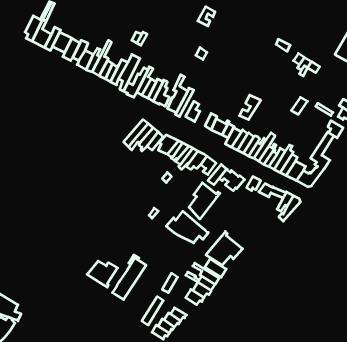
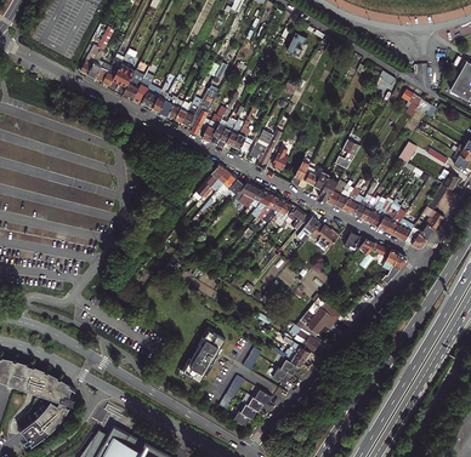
building: [189,183,220,219] -> none
building: [166,211,208,243] -> none
building: [87,261,118,287] -> none

